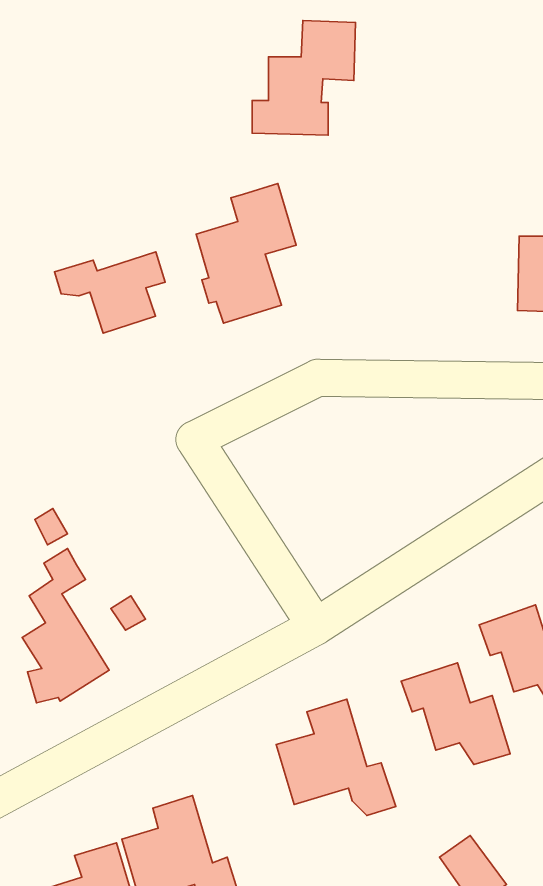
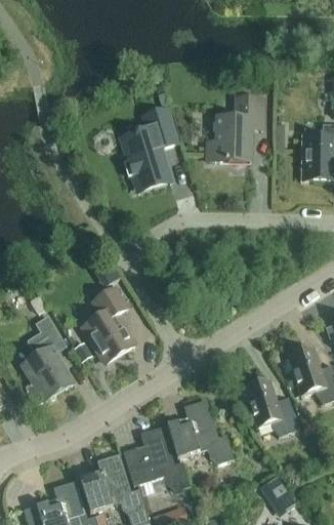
building: [252,21,356,135] -> [207,95,265,160]
building: [54,252,165,333] -> none
building: none -> [83,285,133,362]
building: none -> [123,426,190,490]

